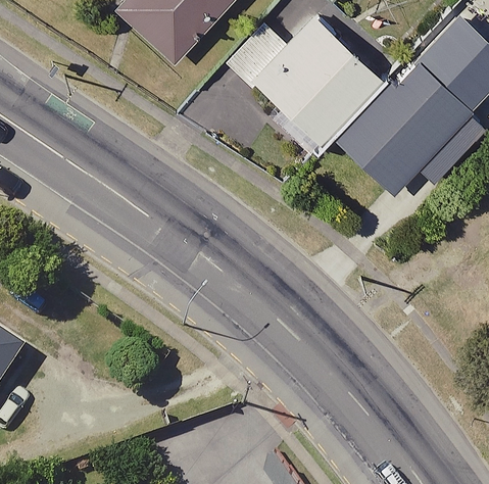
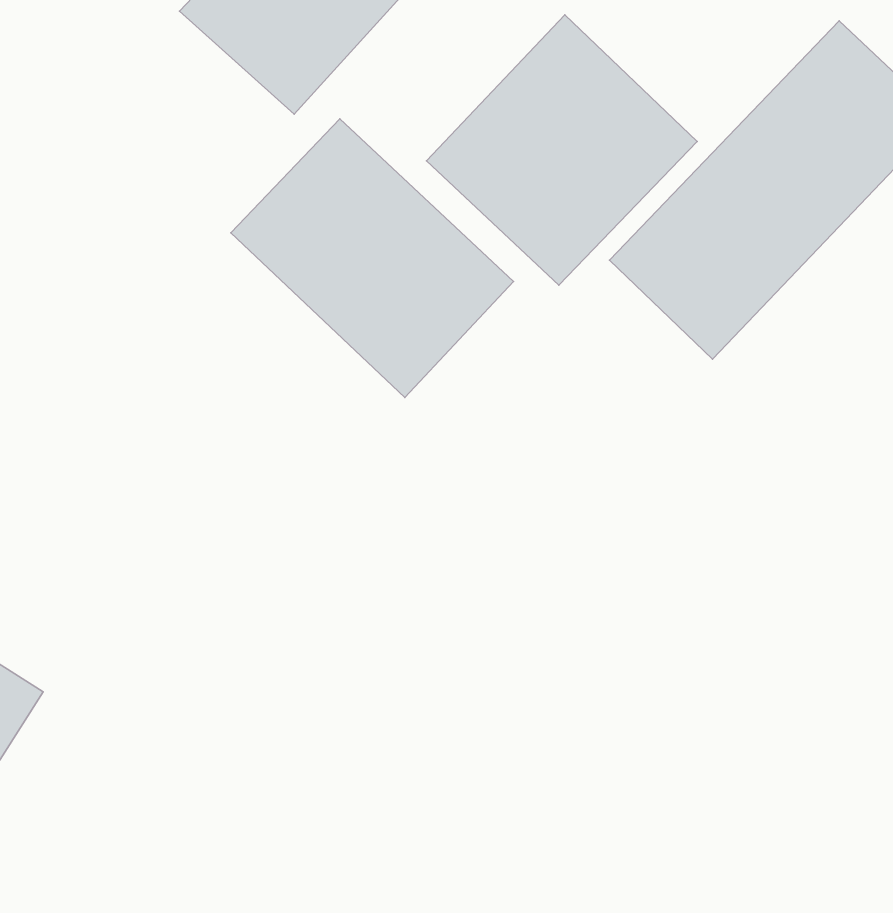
building: none -> [231,119,513,398]

